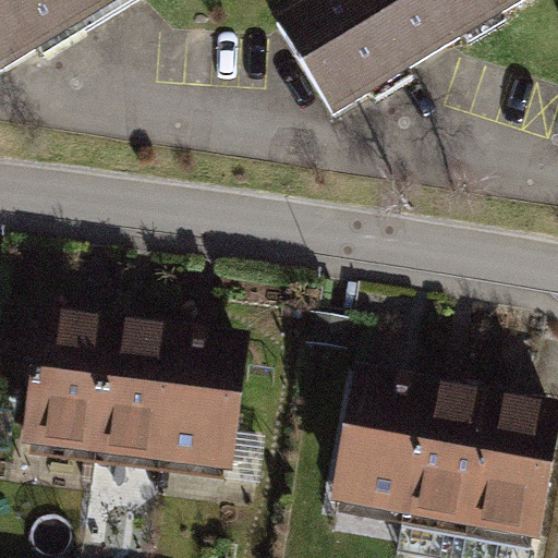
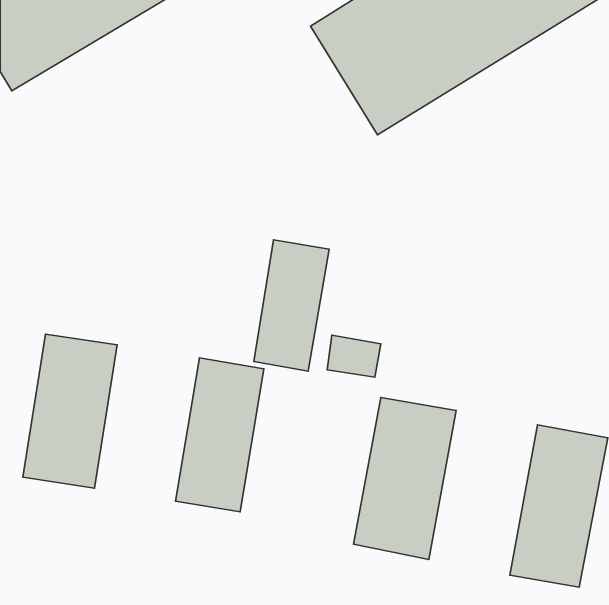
building: none -> [254,240,329,371]
building: [87,315,183,458] -> none
building: [392,375,492,525] -> none

